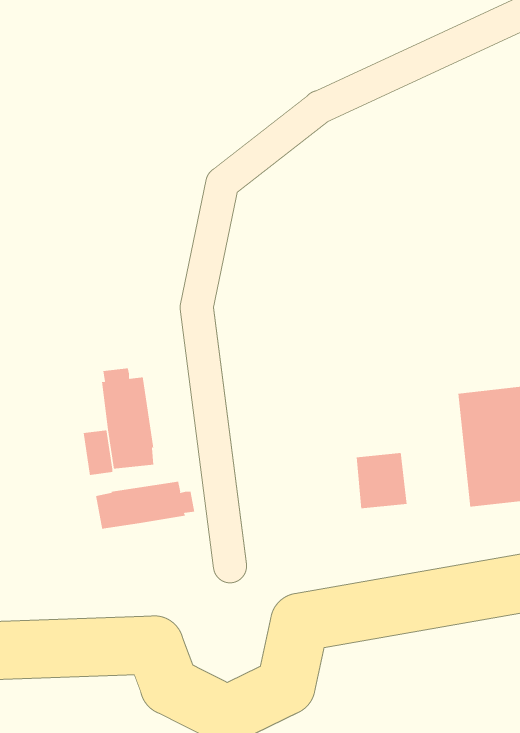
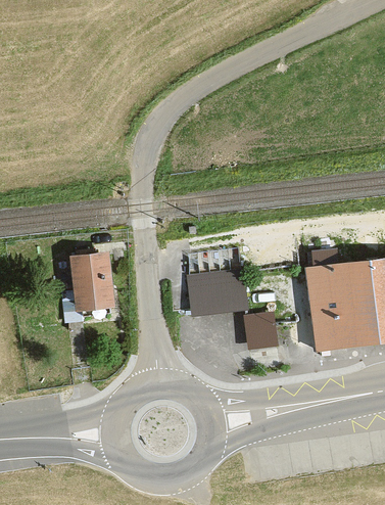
building: none -> [187,266,248,316]
building: [95,481,195,529] -> none

